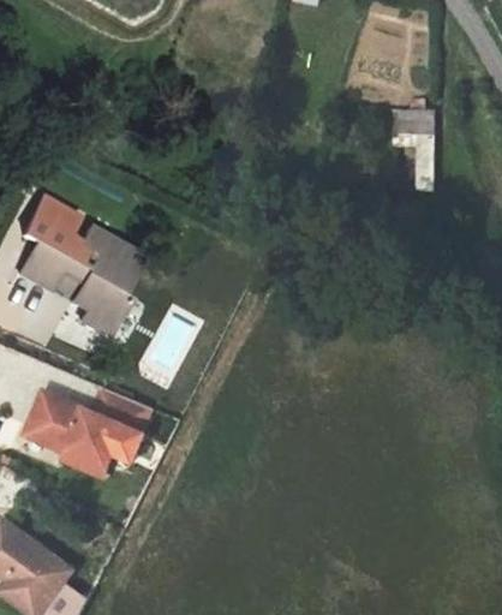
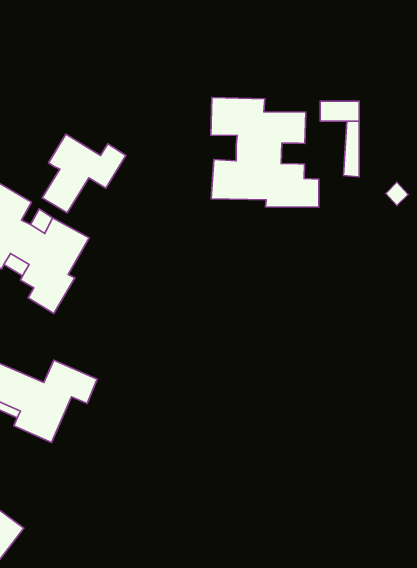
building: none -> [211,98,319,207]
building: none -> [42,134,126,213]

